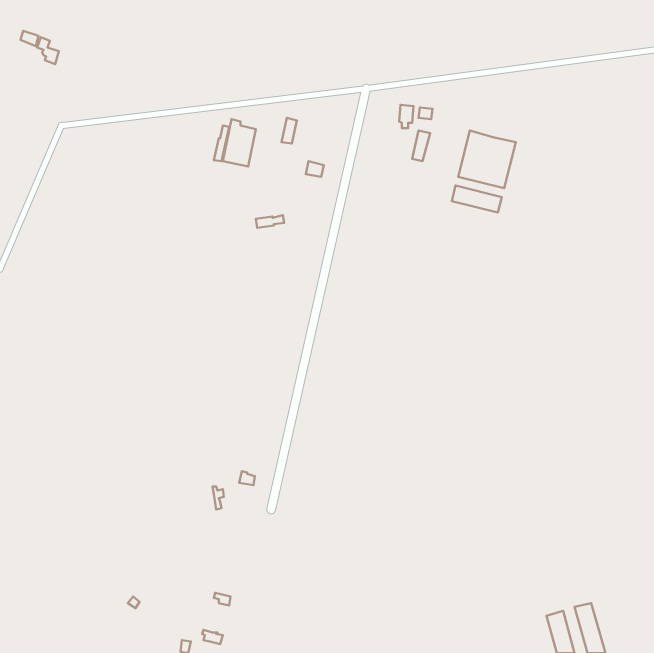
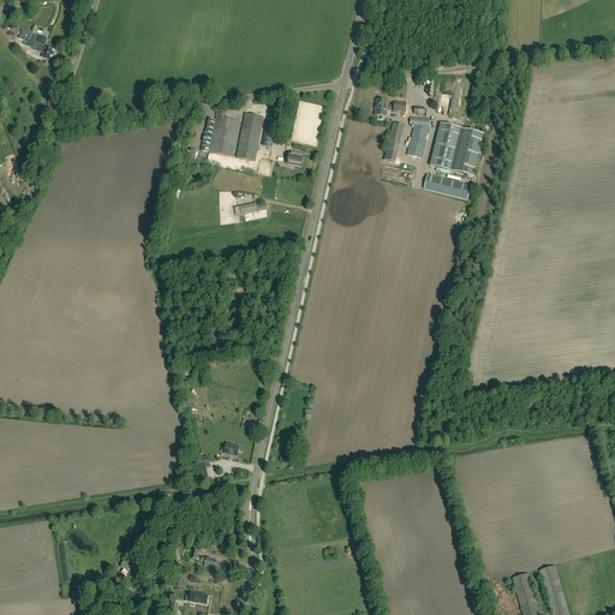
building: none -> [237,113,263,161]
building: none -> [407,118,429,157]

